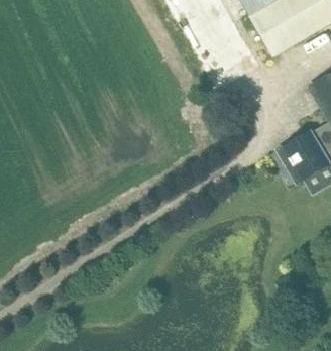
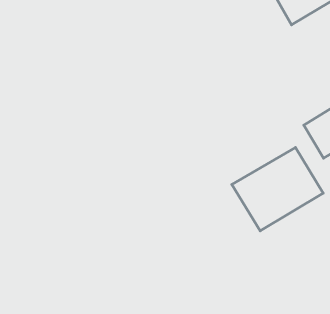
building: none -> [232,147,323,231]

